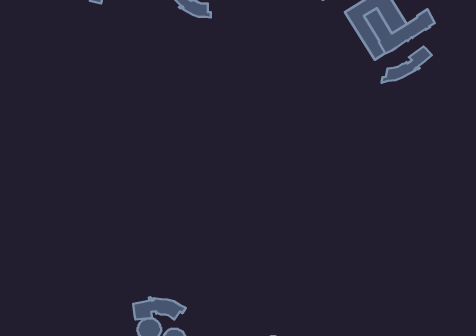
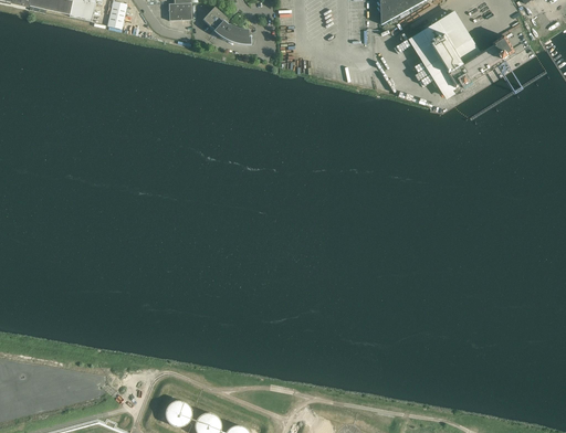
building: [381,46,432,83] -> none
building: [133,297,186,319] -> none

